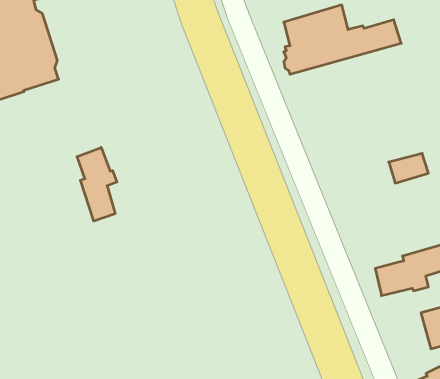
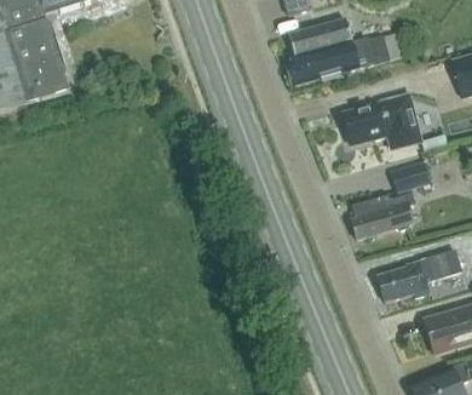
building: none -> [341,92,422,150]
building: [77,147,117,221] -> none
building: none -> [351,190,418,237]

